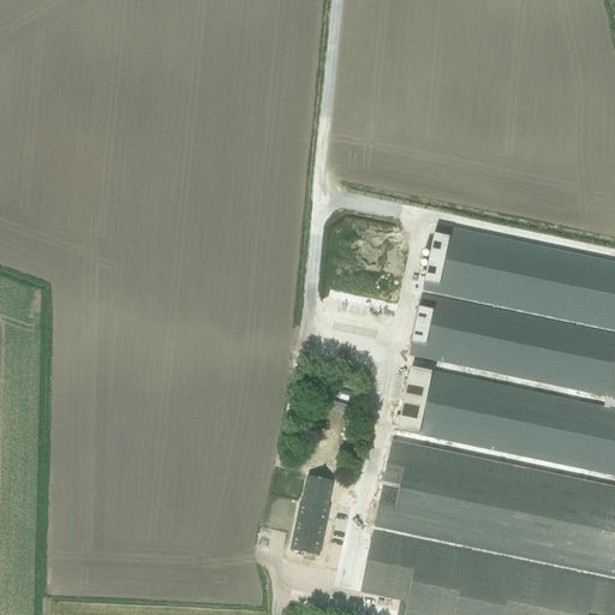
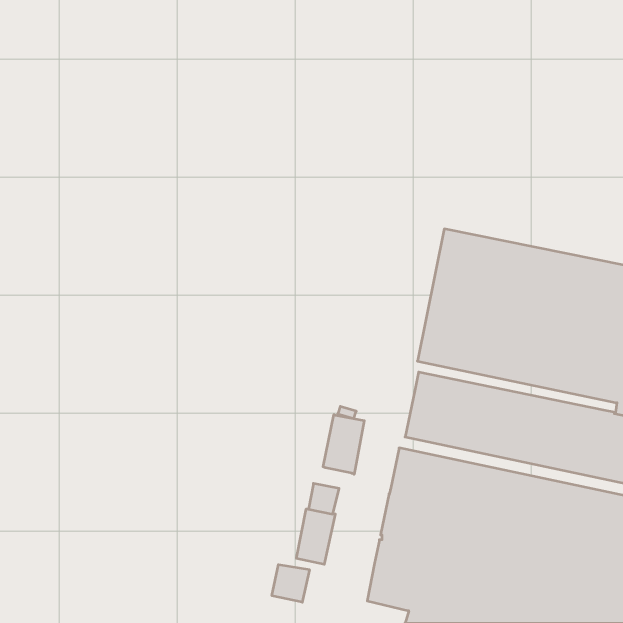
building: none -> [323,415,364,474]
building: none -> [272,565,309,602]

